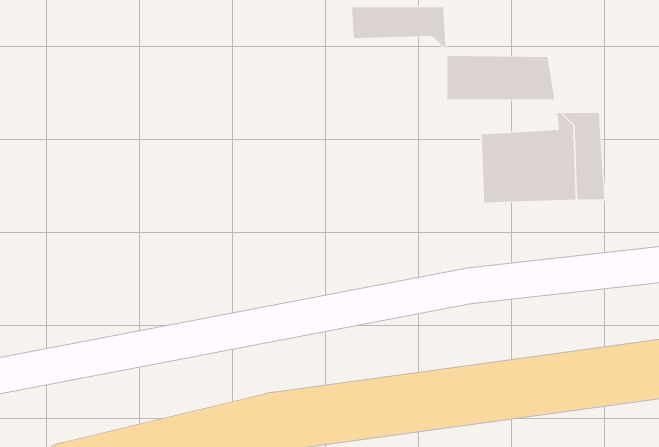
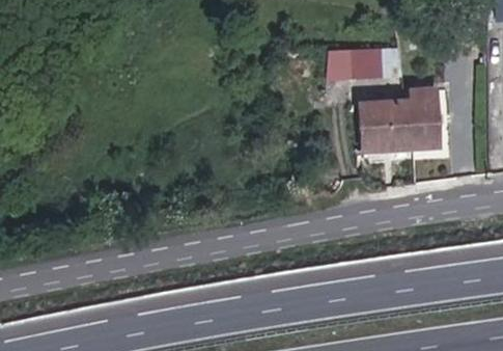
building: [352,6,446,50] -> none

